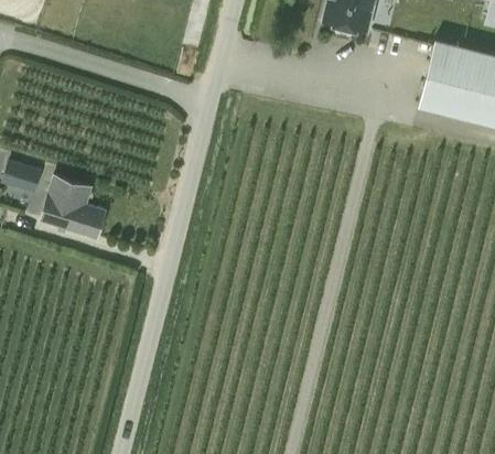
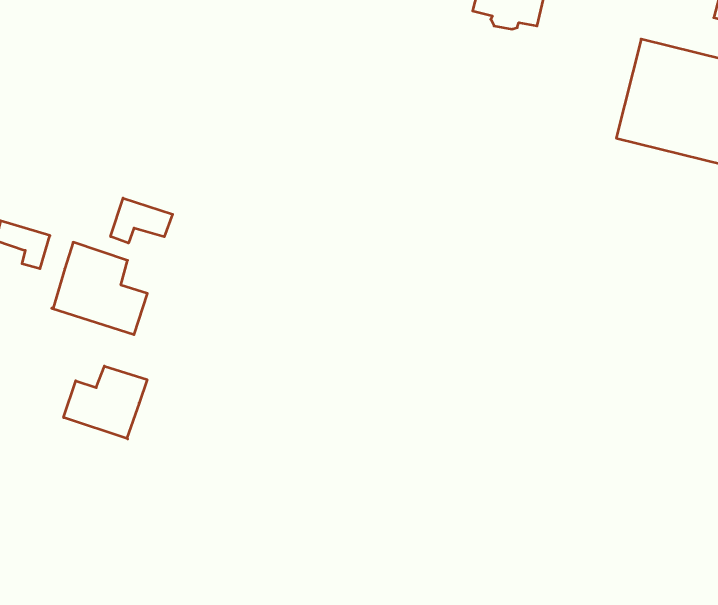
building: none -> [111,198,173,243]
building: none -> [64,366,147,439]

